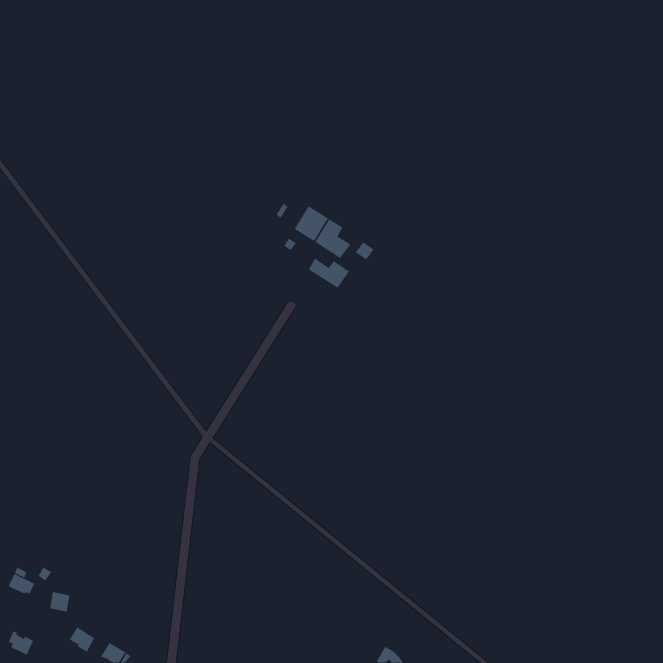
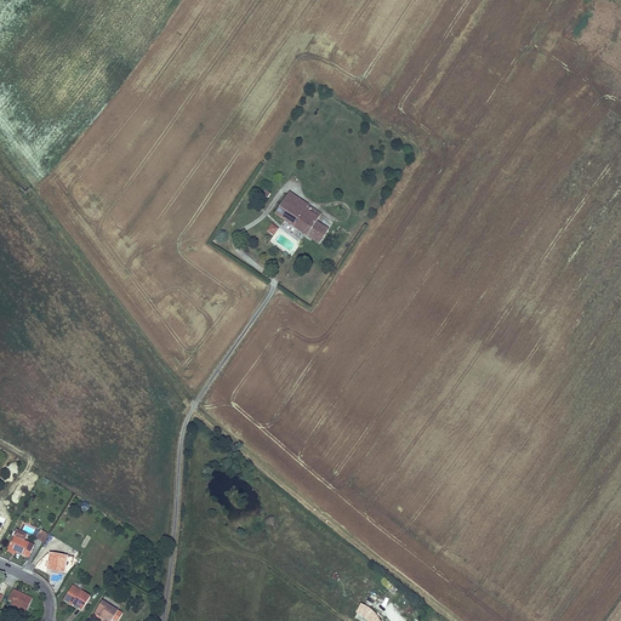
building: [308,257,350,289] -> none

